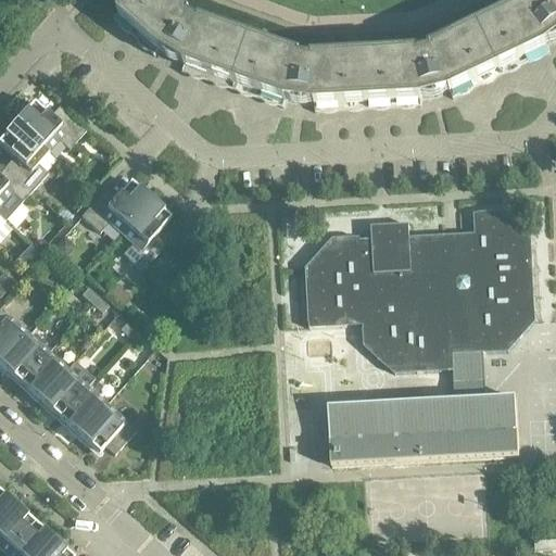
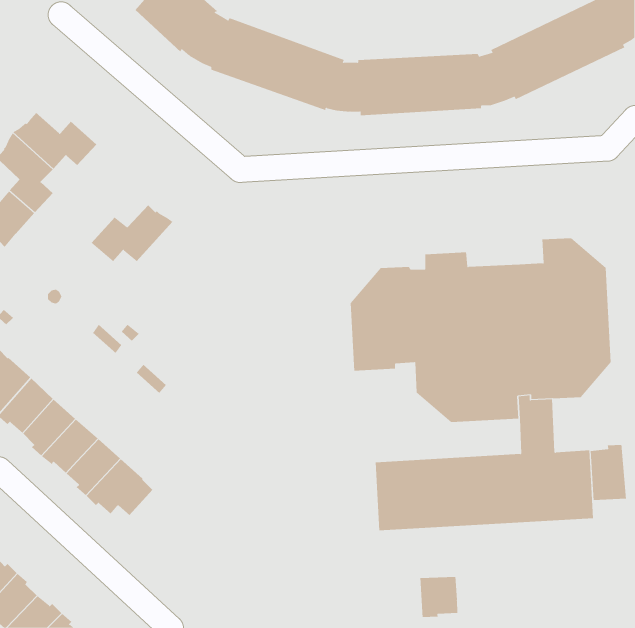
building: [119,193,168,266] -> none
building: none -> [590,444,626,501]
building: none -> [420,576,458,618]

